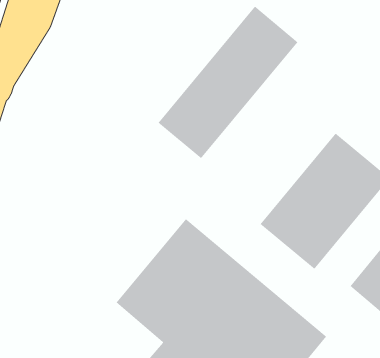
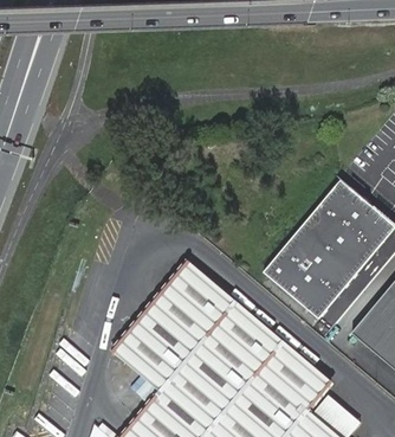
building: [157,6,298,159] -> none

